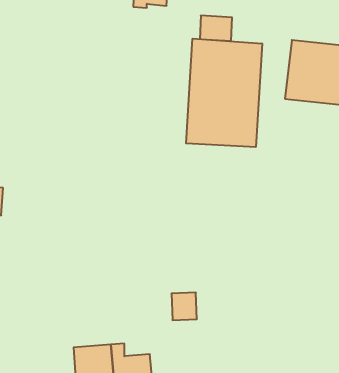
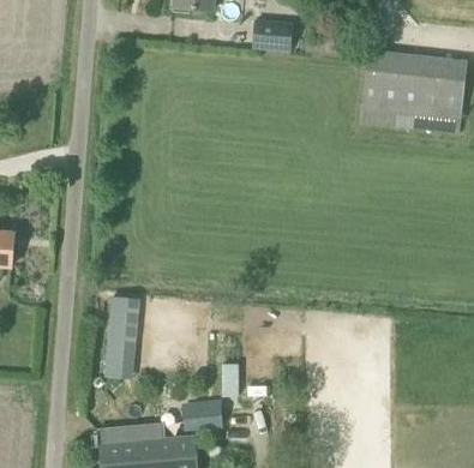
building: [186,39,262,147] -> none
building: none -> [104,293,137,374]
building: none -> [182,404,223,428]

